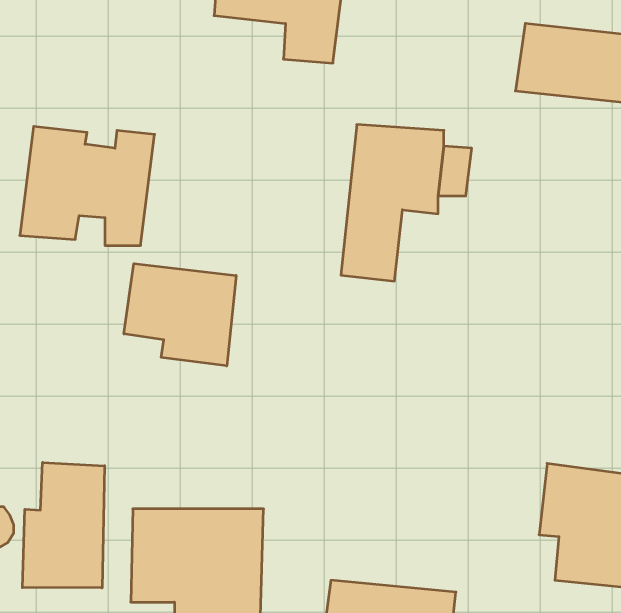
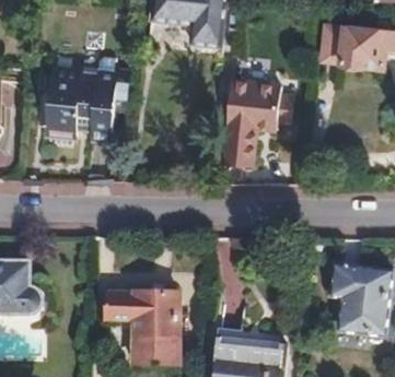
building: [124,264,236,366] -> none
building: [22,462,105,588] -> none

